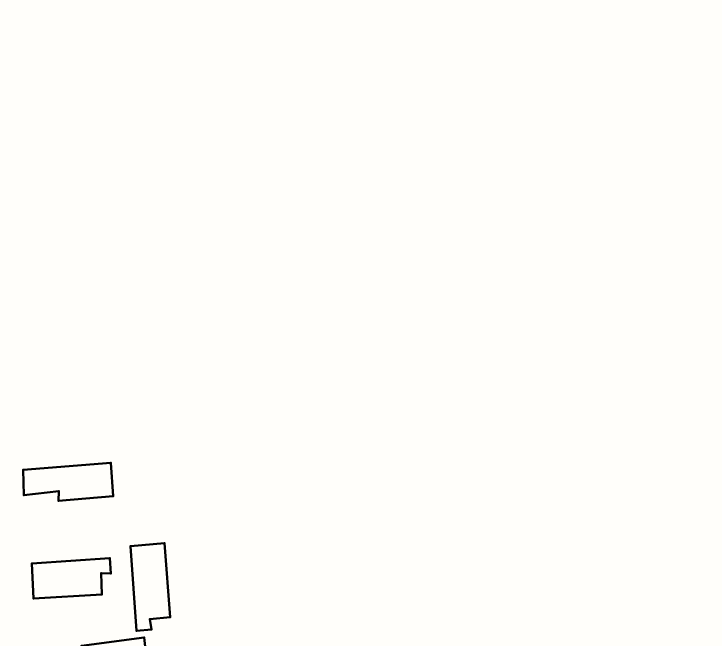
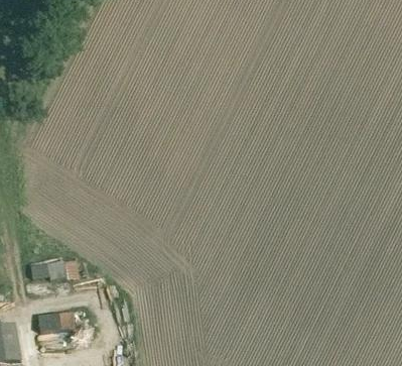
building: [131,543,170,631] -> none

